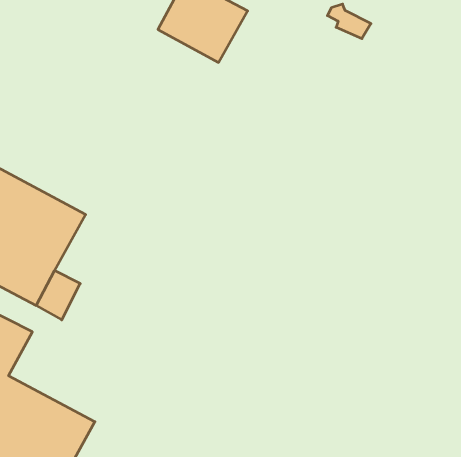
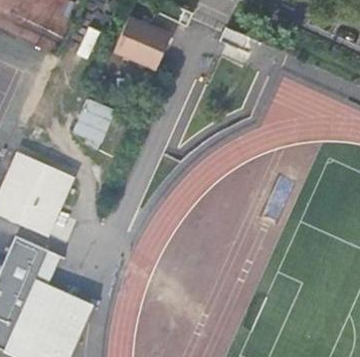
building: none -> [72,101,114,147]

